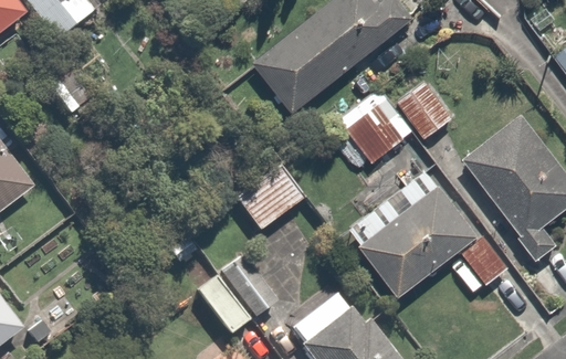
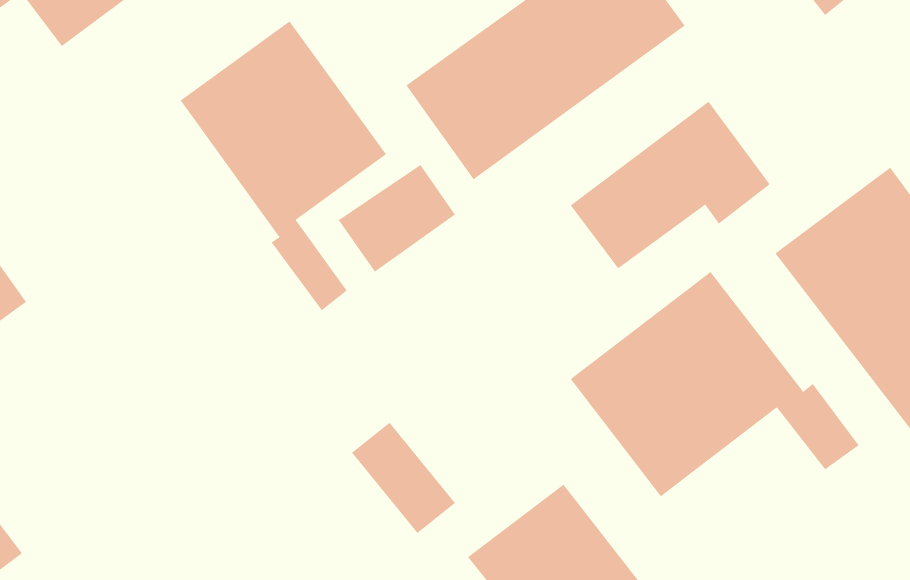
building: none -> [180,20,387,311]
building: [235,171,303,233] -> [338,164,456,272]
building: [193,272,255,337] -> none

